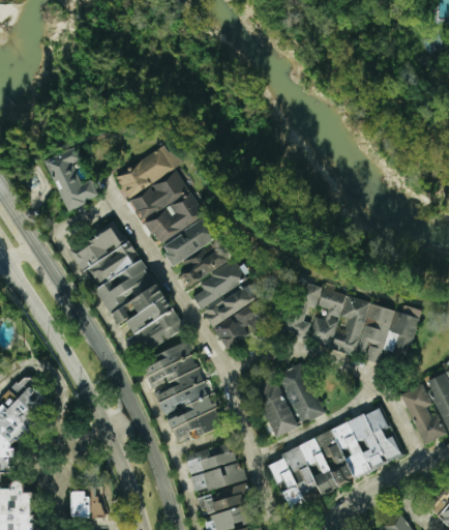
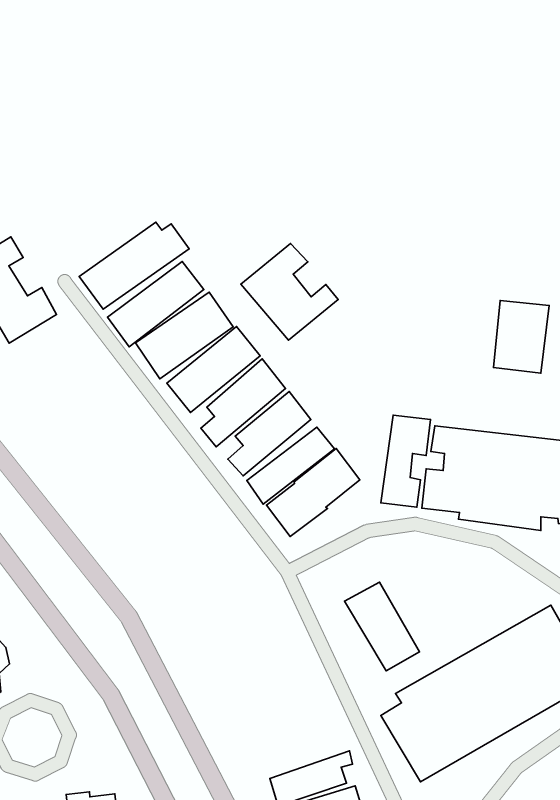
building: none -> [241,243,338,340]
building: none -> [493,300,549,373]
building: [70,219,182,356] -> none
building: [142,343,222,442] -> none
building: [277,363,325,424] -> none
building: [184,444,245,492] -> none

